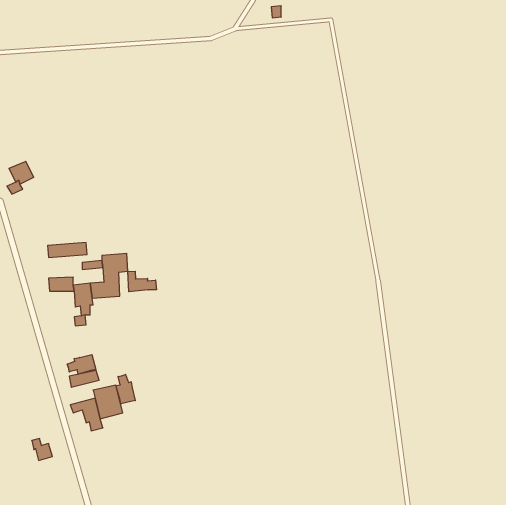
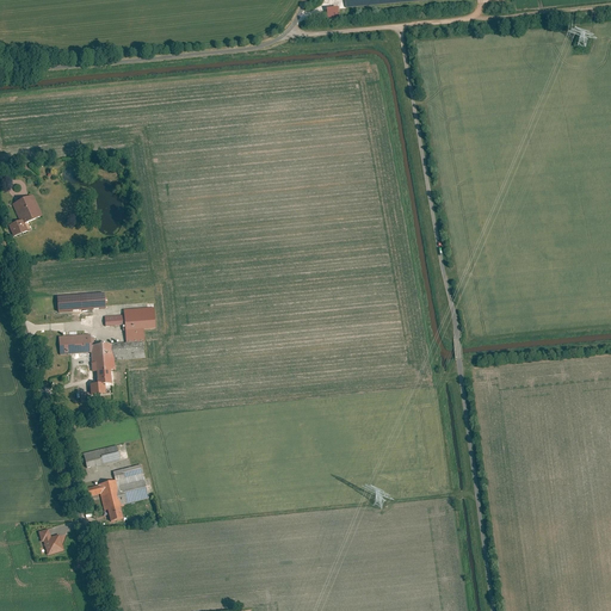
building: [128,271,156,292] -> none
building: [67,355,96,374] -> none
building: [116,374,135,404] -> none

